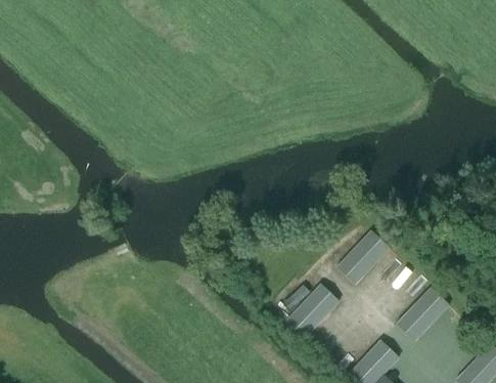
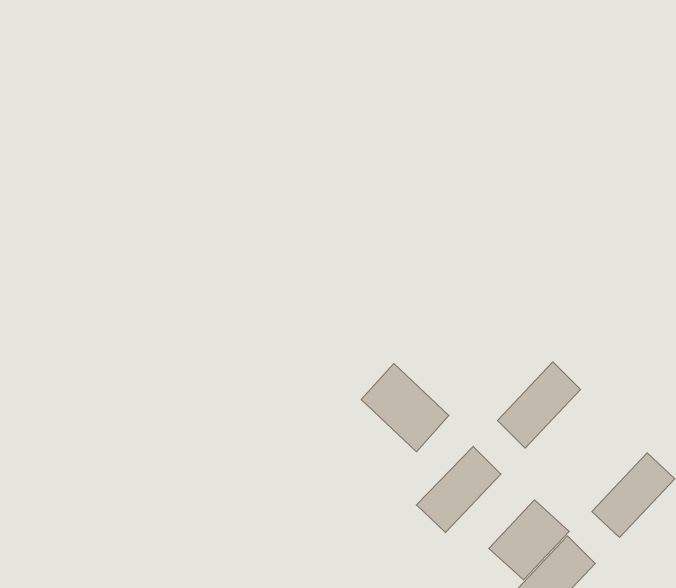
building: none -> [361,364,449,452]
building: none -> [489,500,569,580]

